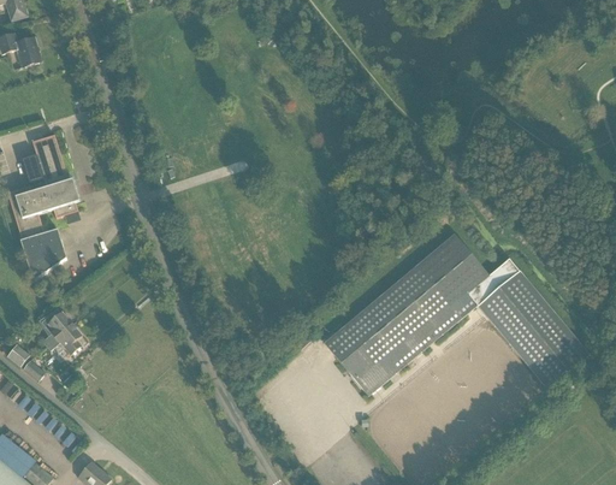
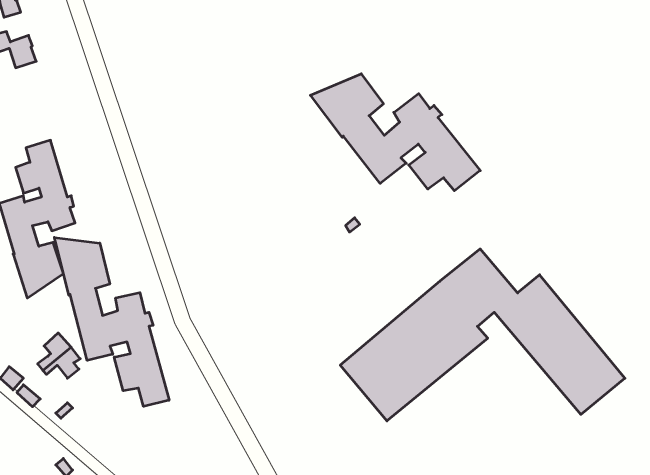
building: none -> [310,74,480,191]
building: none -> [54,237,169,406]

